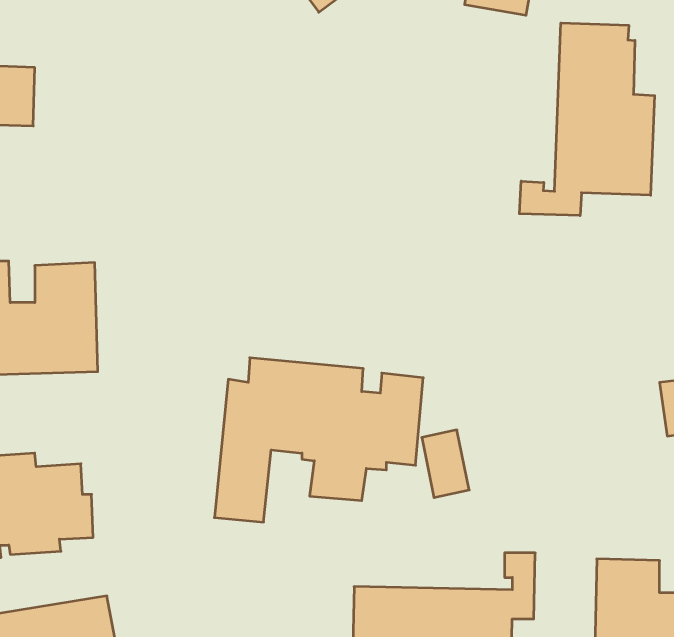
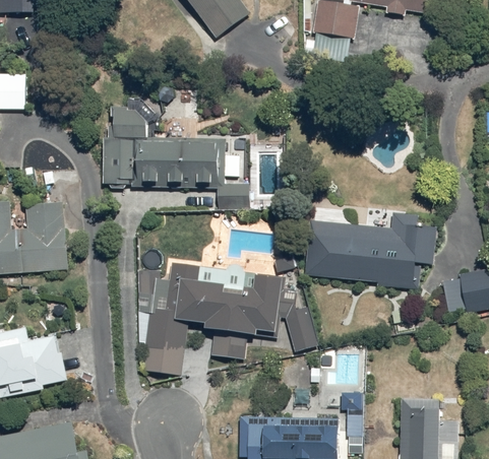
building: [519,23,655,216] -> none
building: none -> [99,106,242,206]
building: none -> [305,213,432,293]

